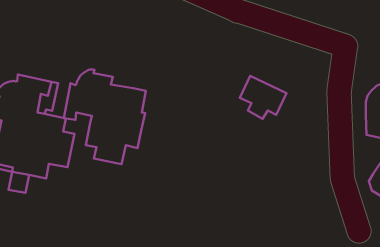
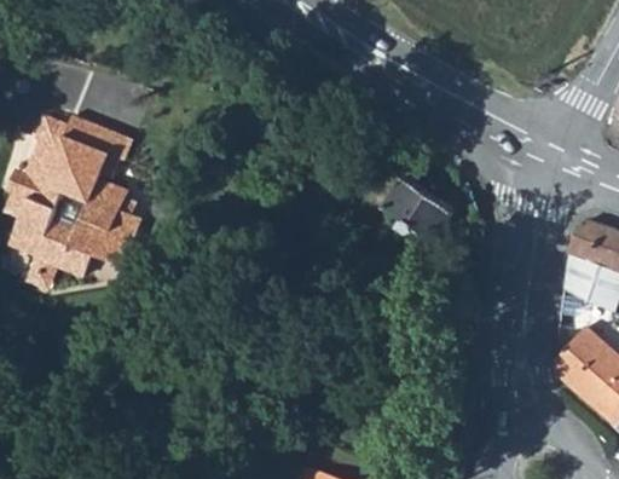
building: [64,69,146,164] -> none

